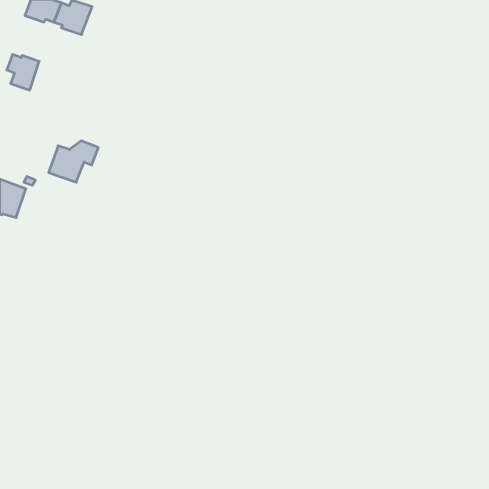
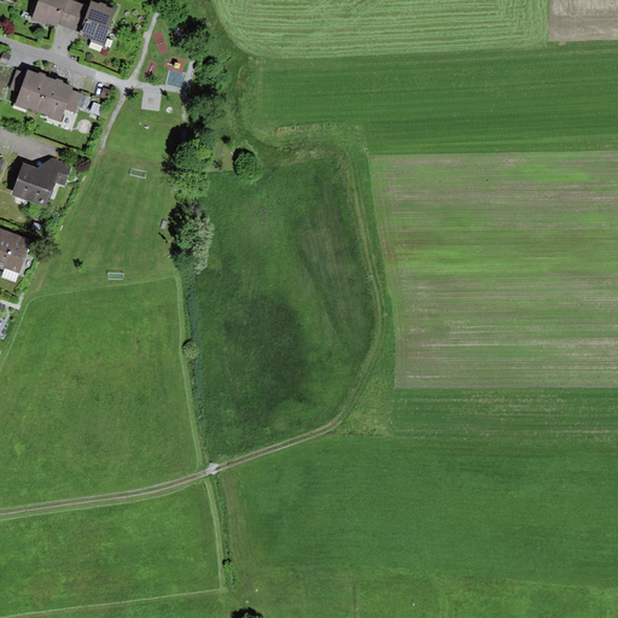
building: none -> [37,77,80,121]
building: [49,141,98,182] -> [10,157,72,209]

